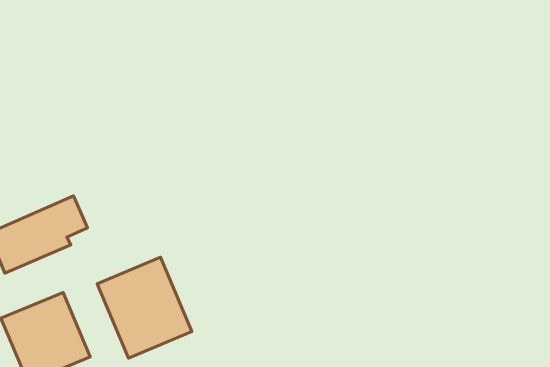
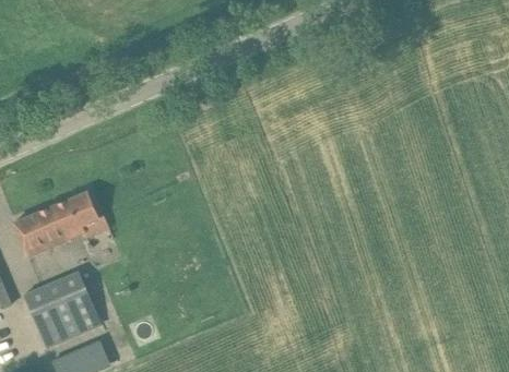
building: [97,257,192,358] -> none

